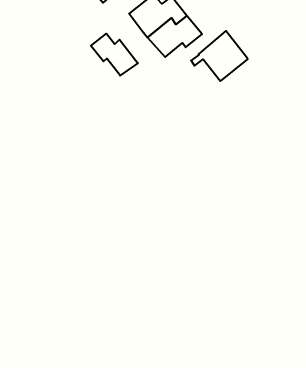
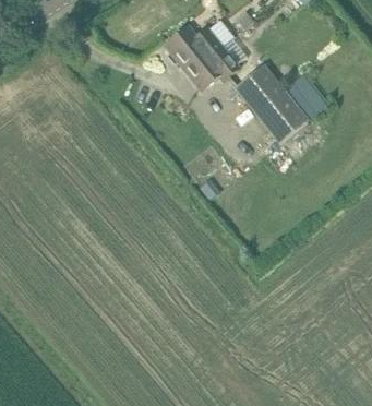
building: [91,34,138,76] -> none
building: none -> [256,73,326,141]

